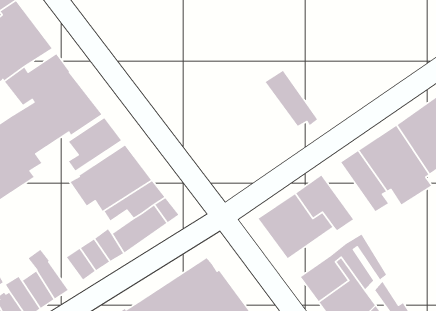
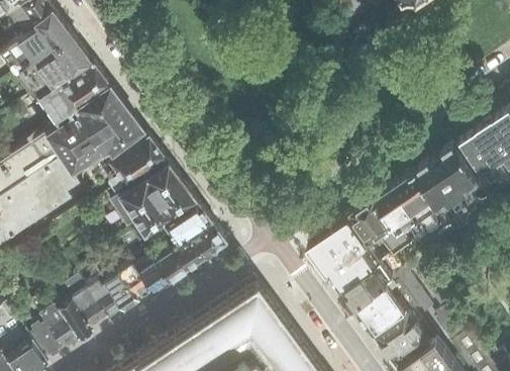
building: [265,70,318,127] -> [379,185,436,247]
building: none -> [342,255,405,308]
building: none -> [86,282,122,322]

